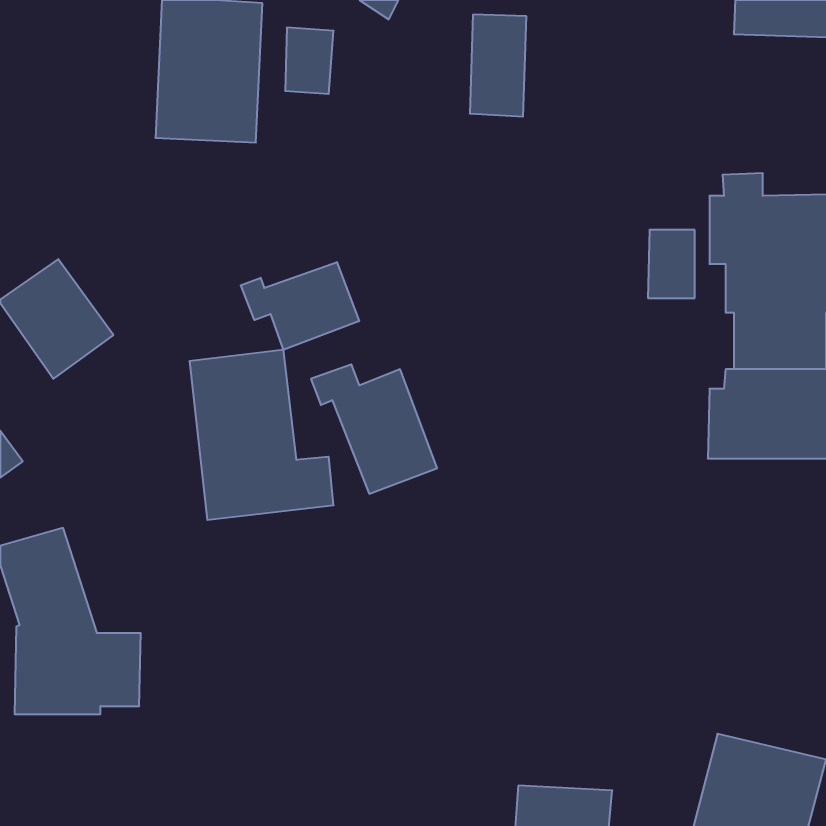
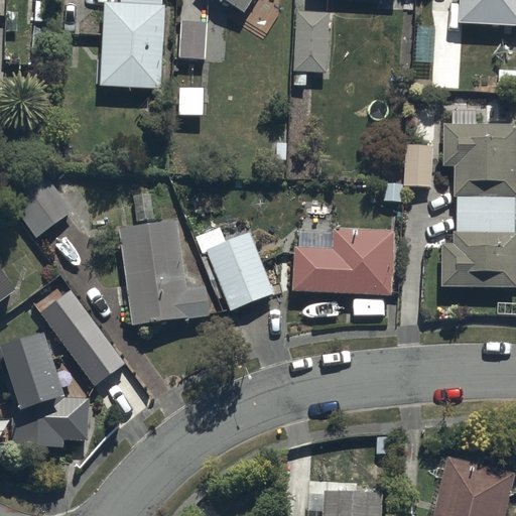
building: [241,262,359,350] -> none
building: none -> [292,229,393,295]
building: none -> [40,291,125,387]

